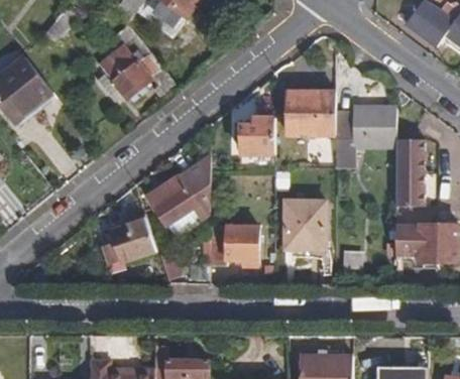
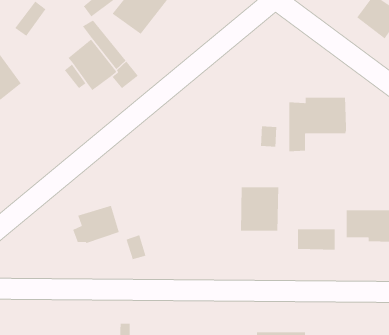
building: [286,90,335,133] -> none
building: [240,114,275,153] -> none
building: [395,138,424,205] -> none
building: [148,156,209,224] -> none
building: [208,227,257,266] -> none

